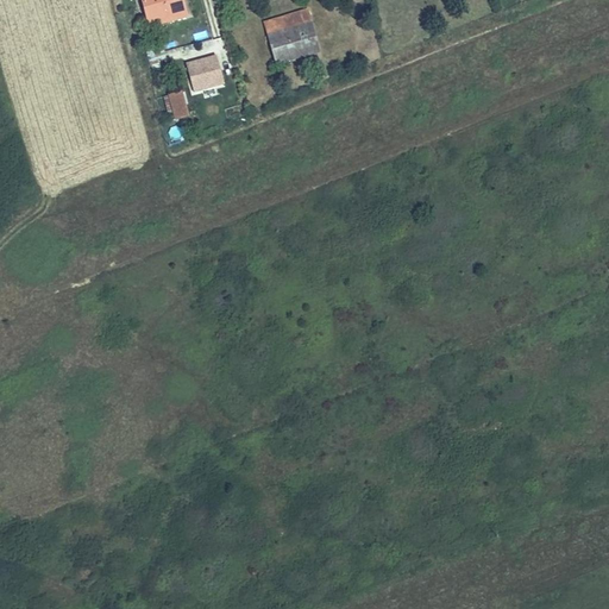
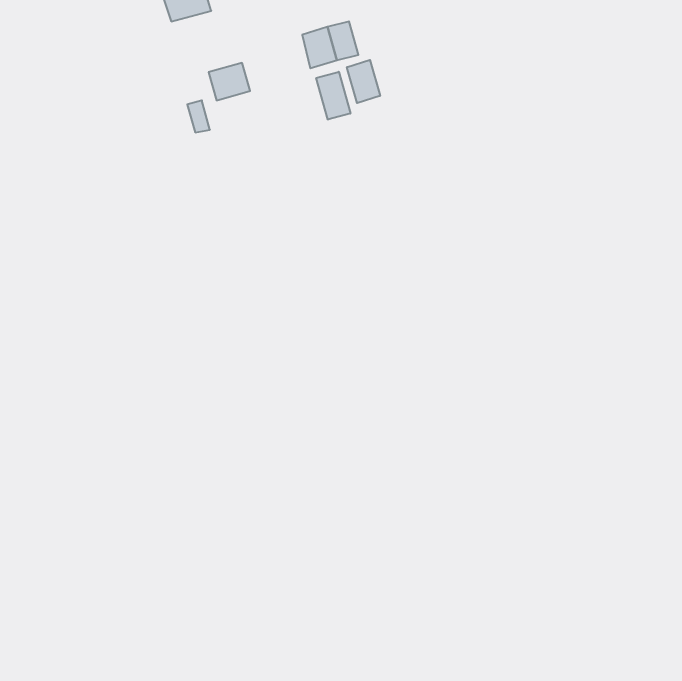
building: none -> [347,60,380,103]
building: none -> [316,72,350,120]

